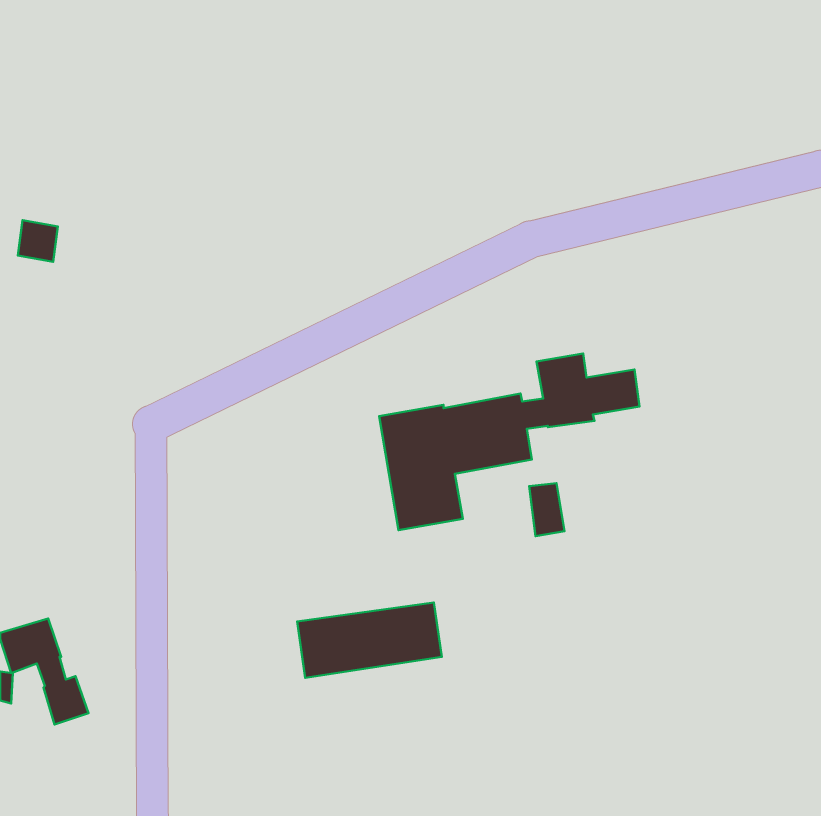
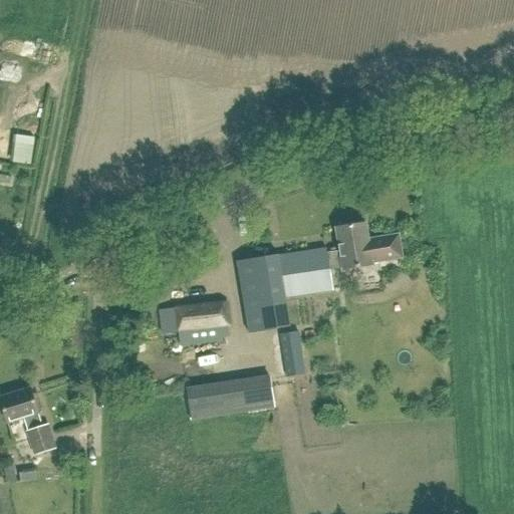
building: none -> [159,299,228,343]
building: [529,483,565,536] -> [279,330,301,363]

